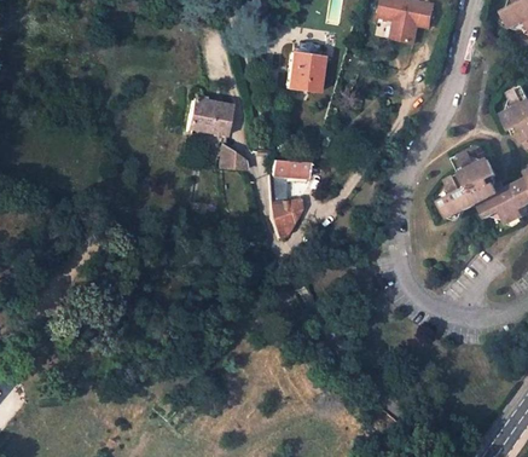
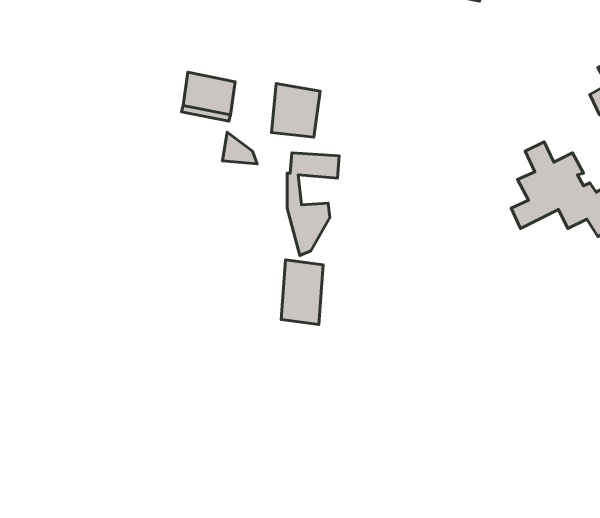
building: [286,51,324,92] -> [271,83,320,137]
building: none -> [281,260,323,325]

